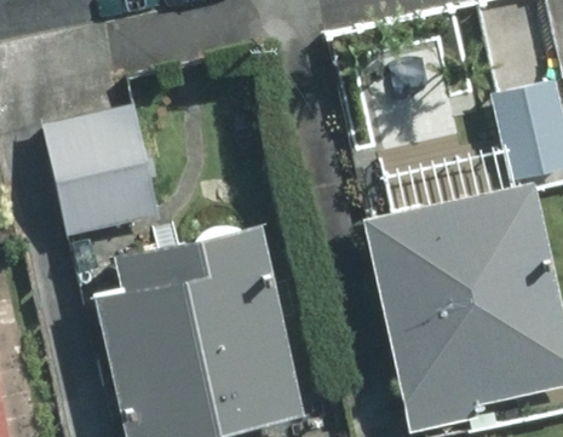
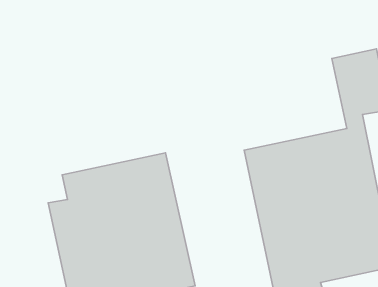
building: [42,108,151,235] -> none

